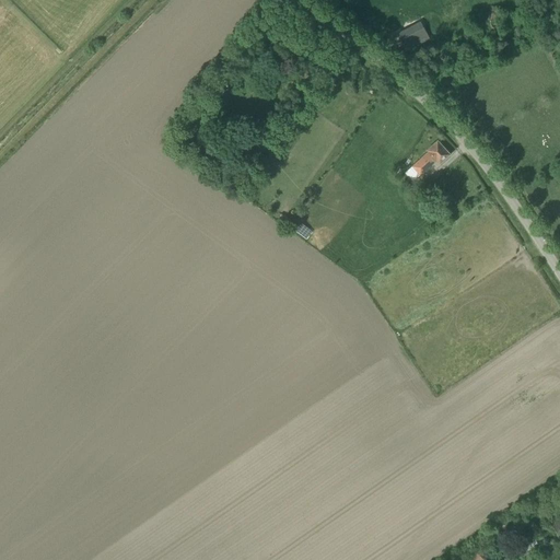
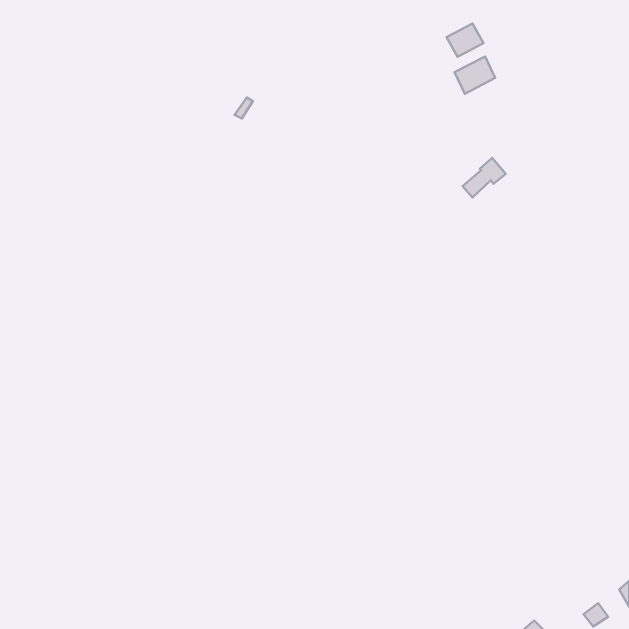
building: none -> [455,56,495,94]

